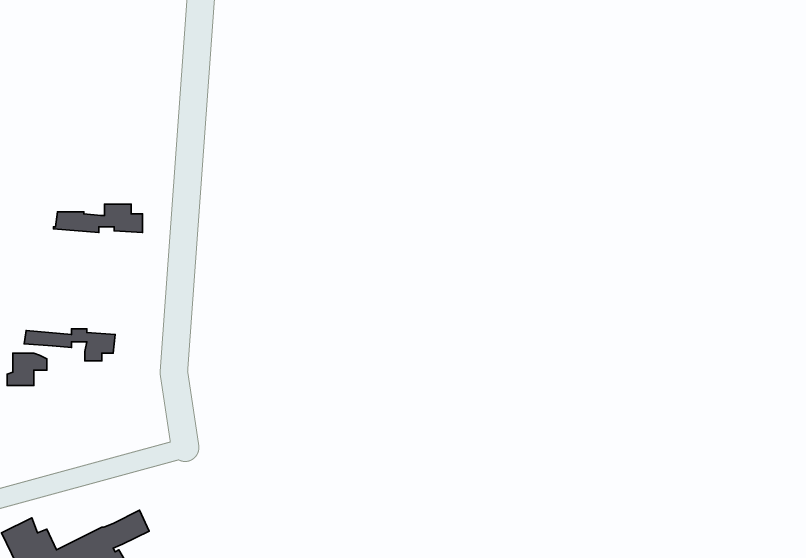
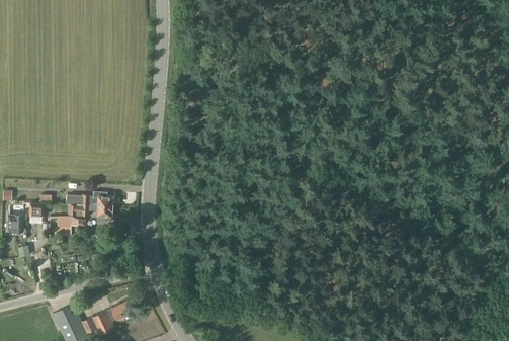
building: [54,204,142,233] -> [66,191,113,206]

